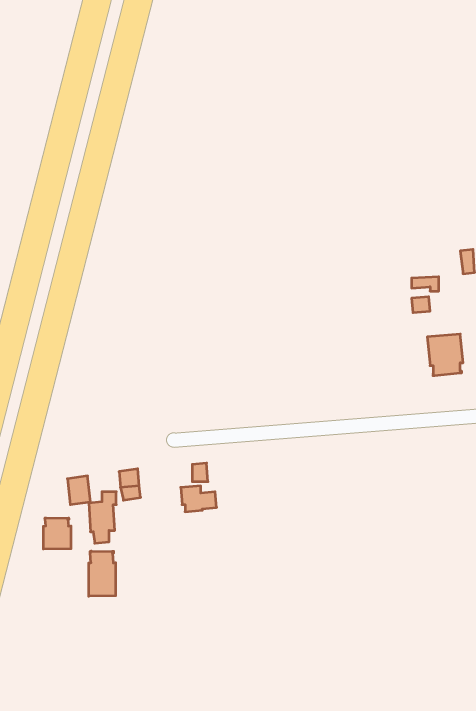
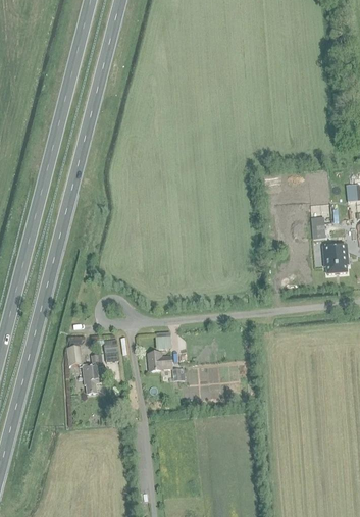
building: [43,518,71,549] -> none
building: [89,551,116,596] -> none

